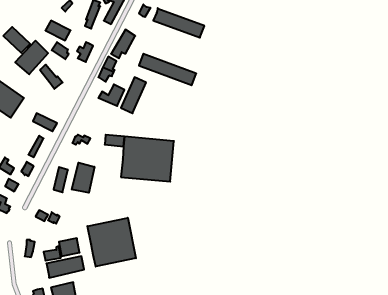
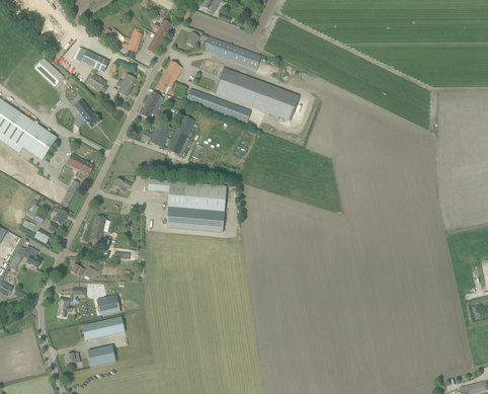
building: none -> [206,58,300,120]
building: [15,41,48,74] -> none
building: [72,163,94,193] -> none
building: [87,218,136,267] -> none

